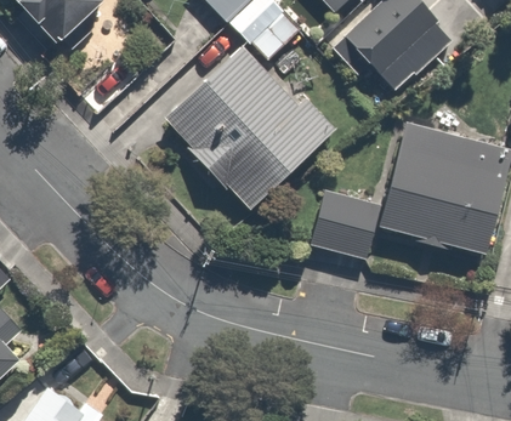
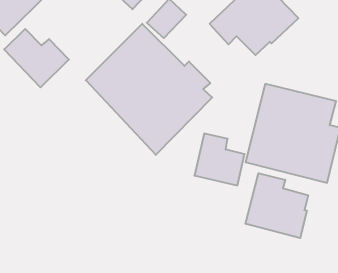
building: none -> [4,29,69,87]
building: none -> [246,173,308,238]

